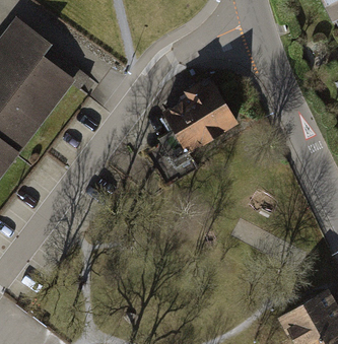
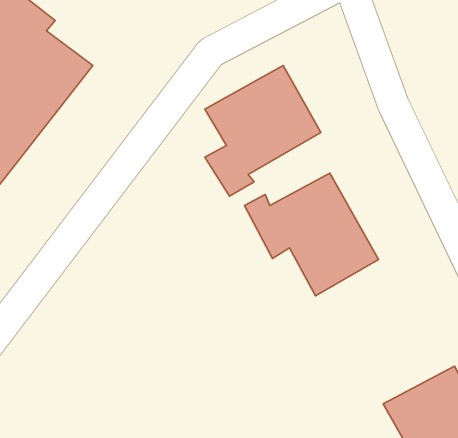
building: none -> [245,173,379,296]

